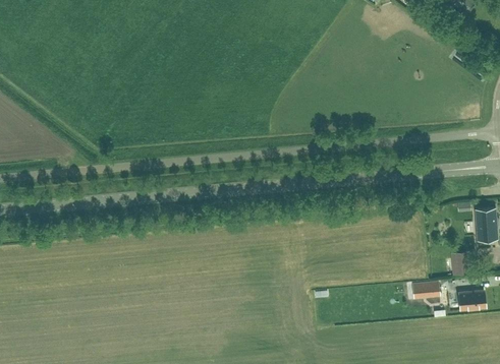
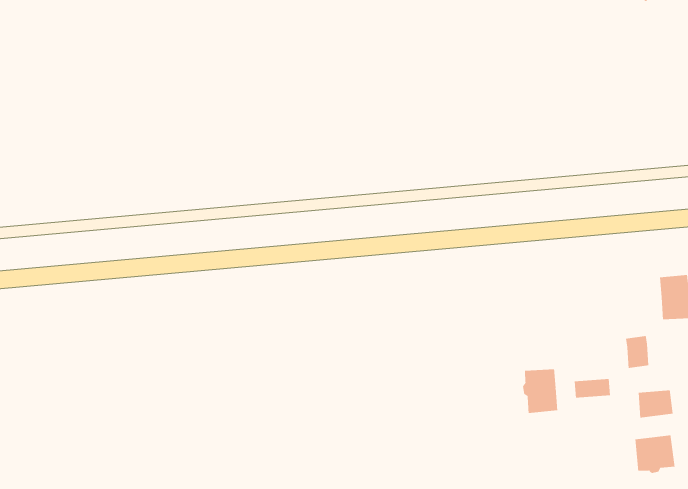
building: none -> [522,369,558,414]
building: none -> [635,435,675,474]

